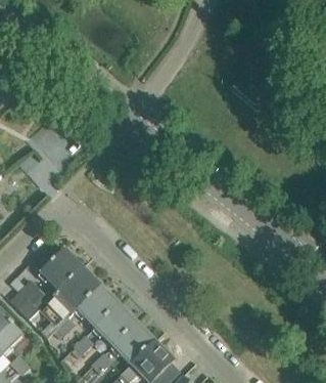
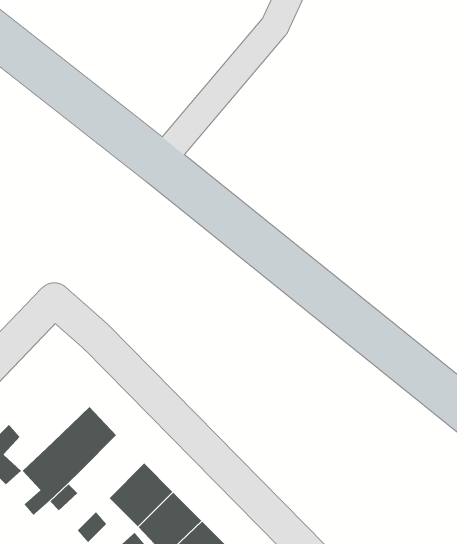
building: [35,247,82,290] -> none
building: [77,286,117,326] -> none

